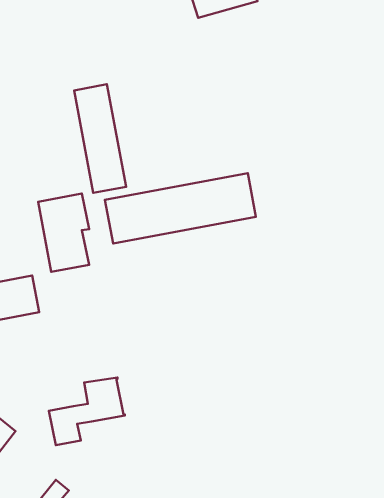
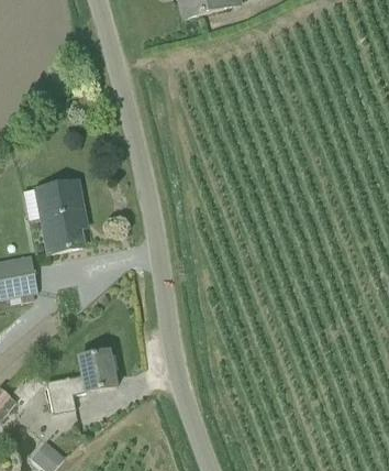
building: [74,84,126,193] -> none
building: [105,173,256,244] -> none

